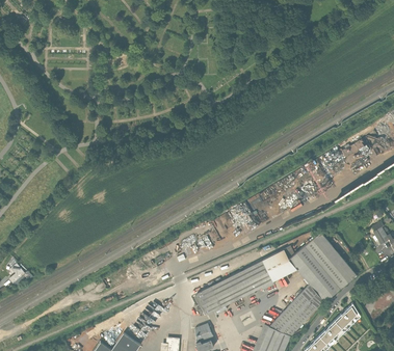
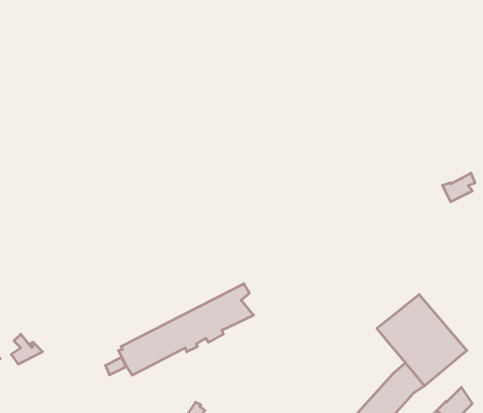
building: [194,246,297,316] -> [118,284,254,375]

